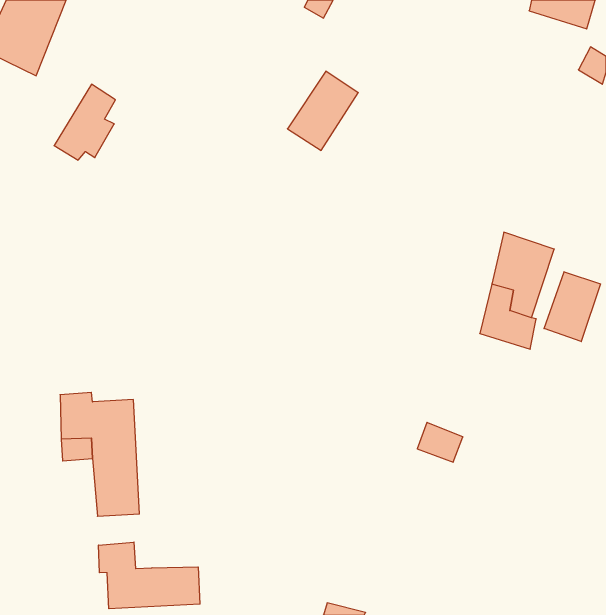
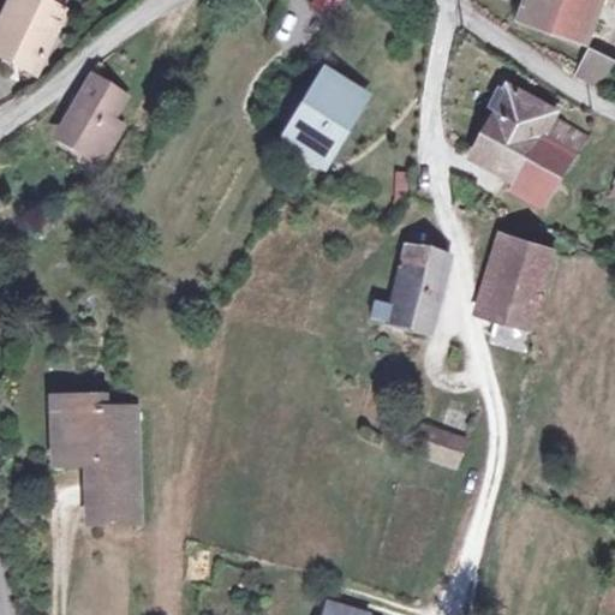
building: none -> [472,80,587,197]
building: none -> [360,246,432,338]
building: [544,272,600,342] -> none
building: [99,542,200,609] -> none

